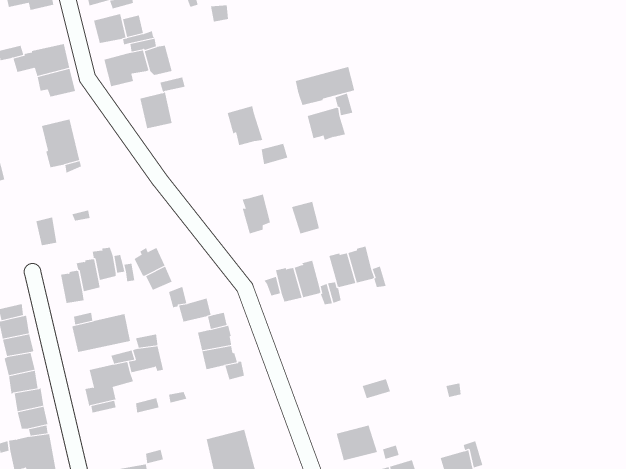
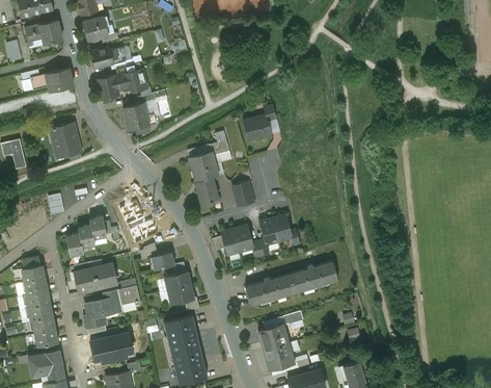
building: [295,66,355,106] -> none
building: [227,106,263,146] -> [192,151,218,180]
building: none -> [245,261,337,306]
building: none -> [163,316,198,354]
building: none -> [257,324,288,350]
building: none -> [98,335,122,362]

